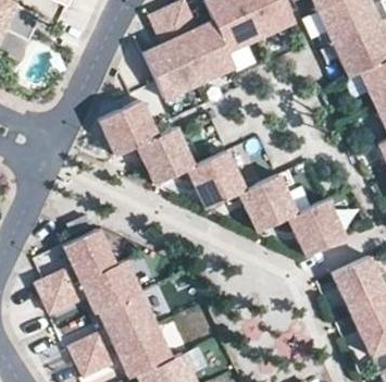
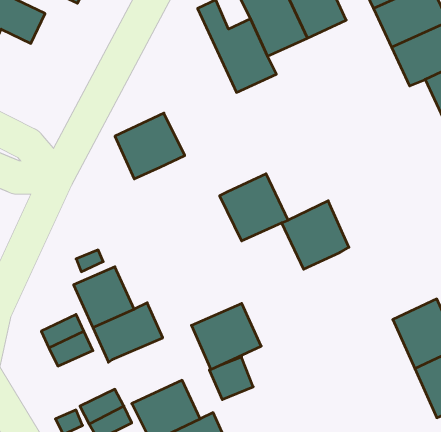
building: [145,11,201,99] -> none
building: [137,126,194,184] -> none
building: [288,198,345,255] -> none
building: [97,288,155,344] -> [191,303,261,369]

